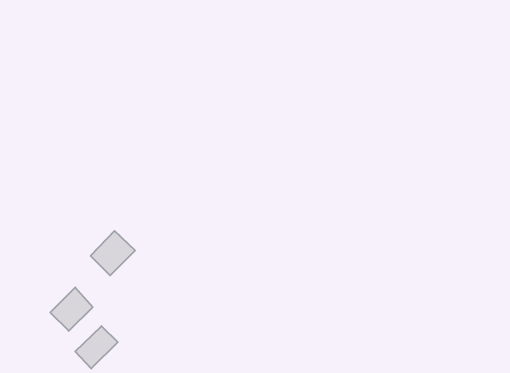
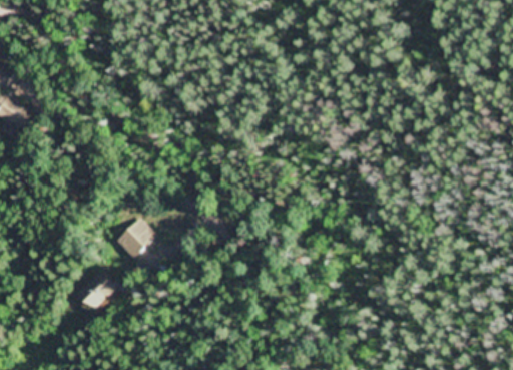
building: [75,326,118,369] -> none

